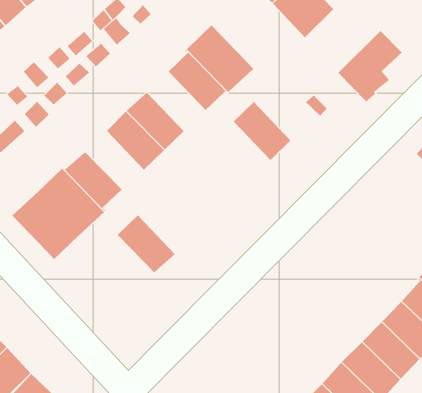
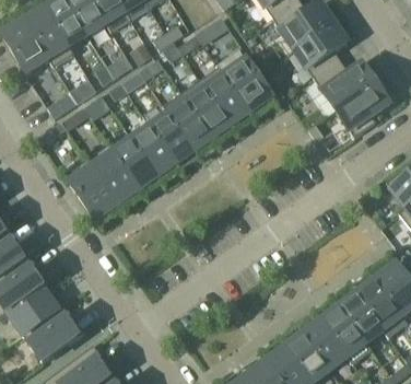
building: none -> [315,61,374,110]
building: [233,101,291,161] -> [187,89,230,137]
building: [117,215,175,273] -> [132,127,175,174]

